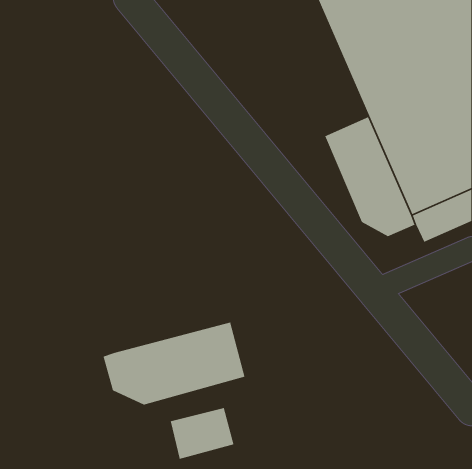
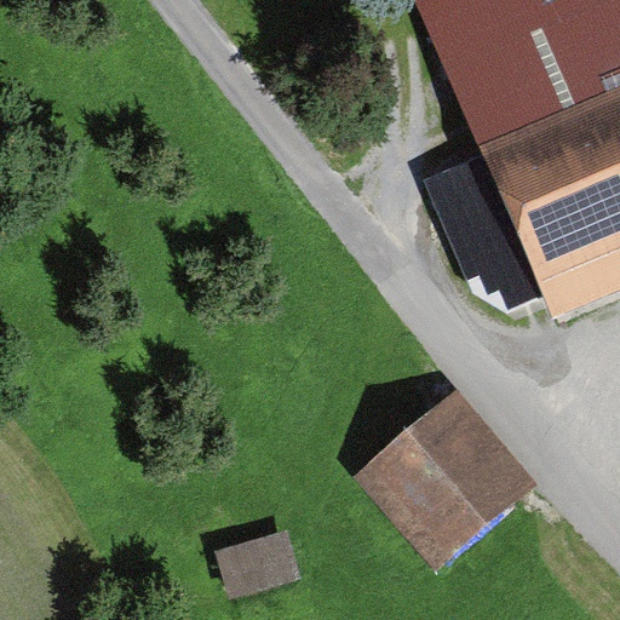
building: none -> [356,388,539,569]
building: [103,321,246,405] -> none

